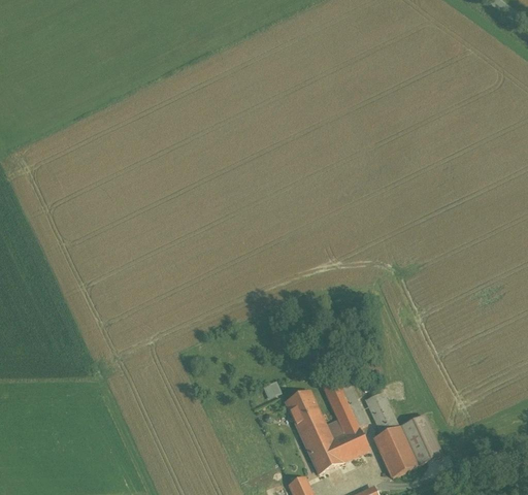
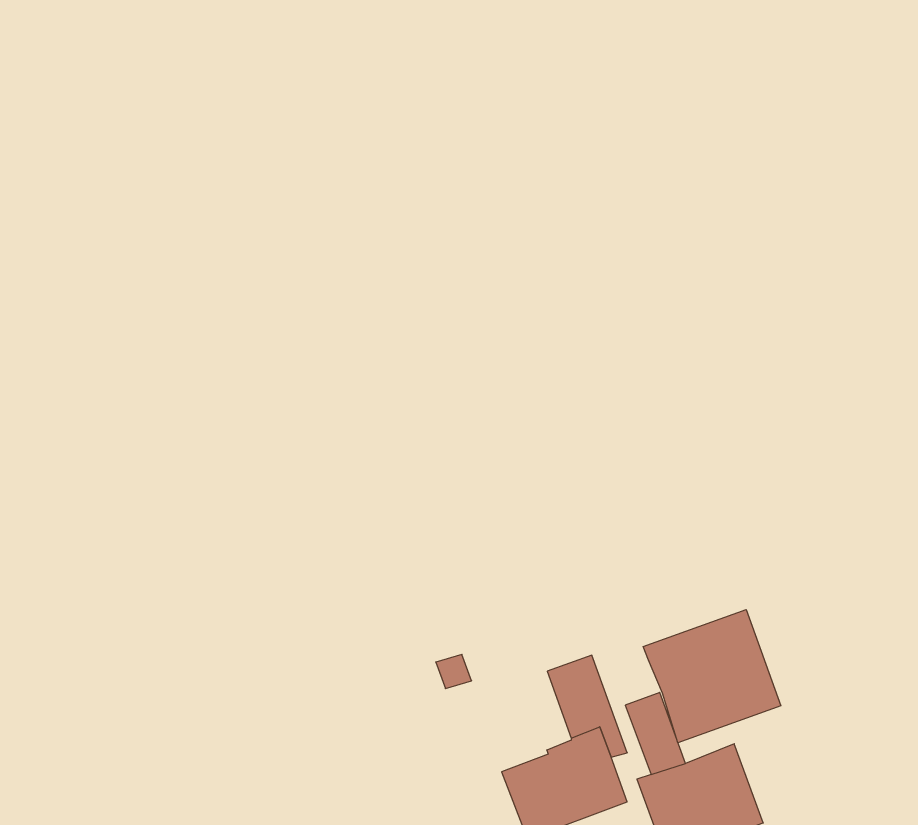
building: none -> [643,610,781,743]
building: [285,391,326,439] -> none

